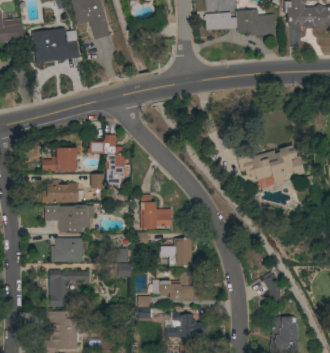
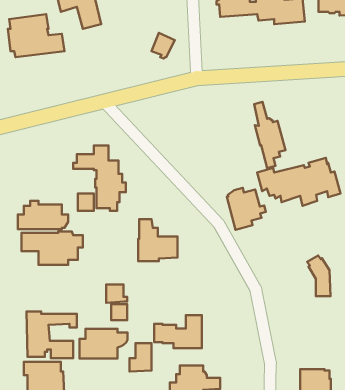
building: none -> [254,102,285,168]
building: [42,147,76,170] -> none
building: none -> [227,188,266,230]
building: [51,237,90,261] -> [79,329,127,358]
building: [160,237,192,266] -> none
building: [262,271,281,304] -> [307,256,331,296]

